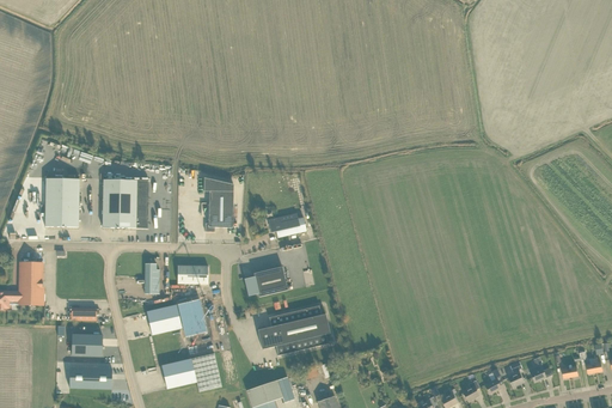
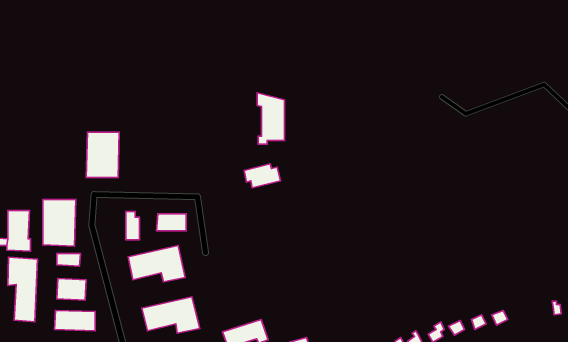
building: [204,176,233,230] -> [257,93,284,144]
building: [45,177,80,226] -> [43,200,76,246]
building: [244,266,288,296] -> none
building: [257,304,330,354] -> none
building: none -> [8,257,37,322]

